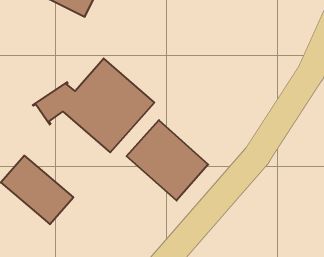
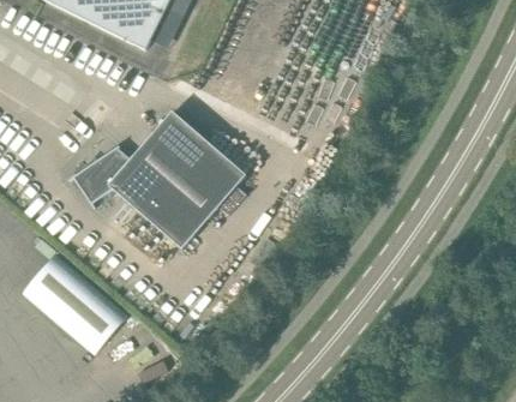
building: [127,120,208,201] -> none

